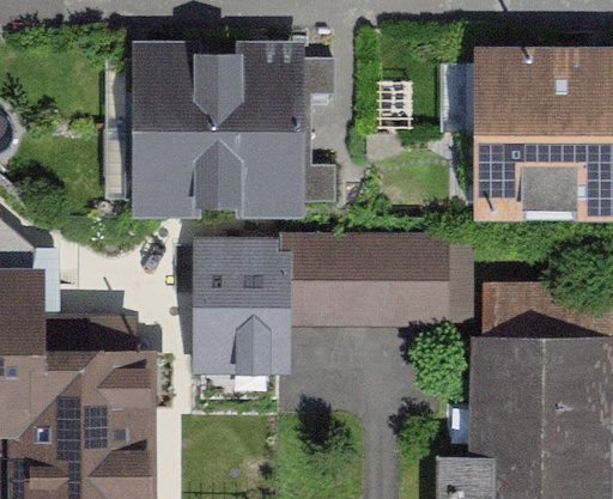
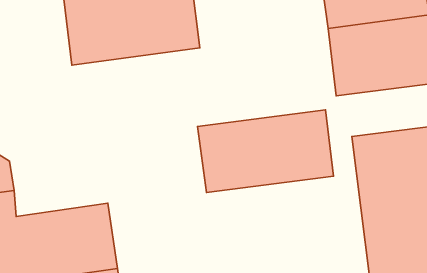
building: [132,133,303,219] -> none
building: [193,236,286,371] -> none

